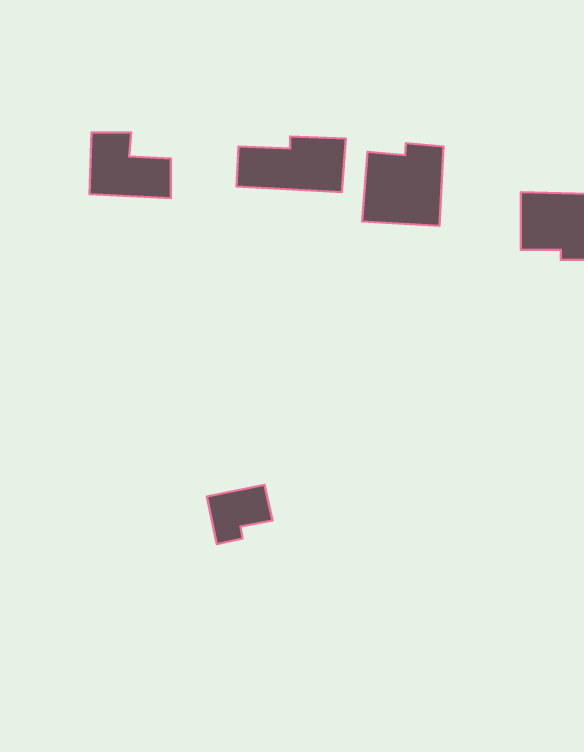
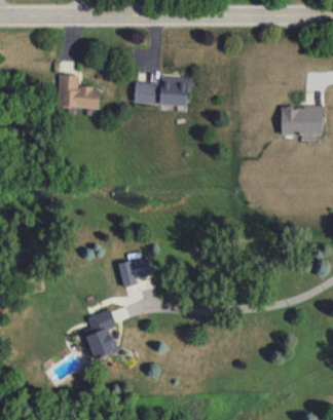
building: [362,143,444,226] -> none
building: none -> [84,309,117,358]

